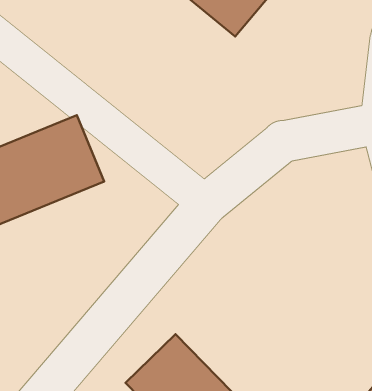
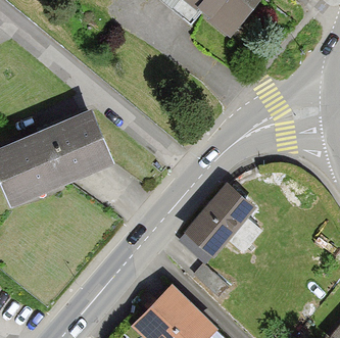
building: none -> [181,185,256,261]

